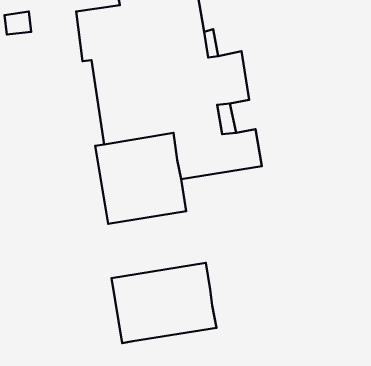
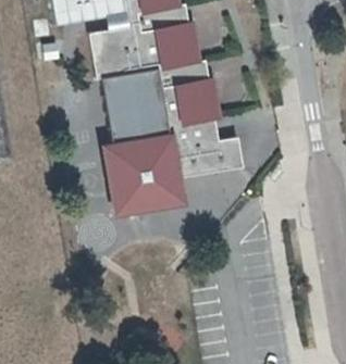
building: [111,263,216,343] -> none

